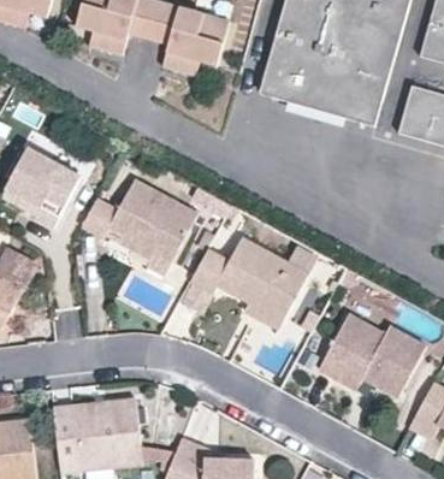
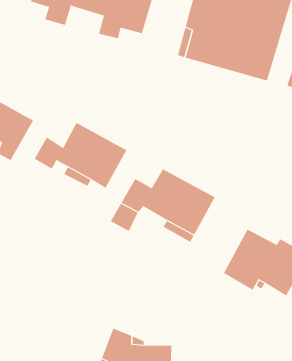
building: [53,395,142,472] -> none

